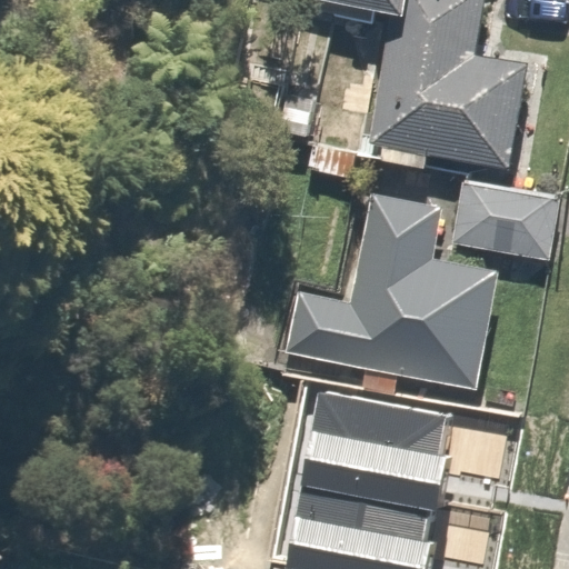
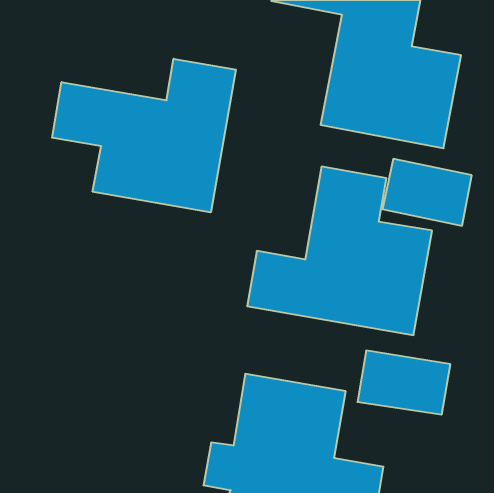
building: none -> [52,59,236,212]

